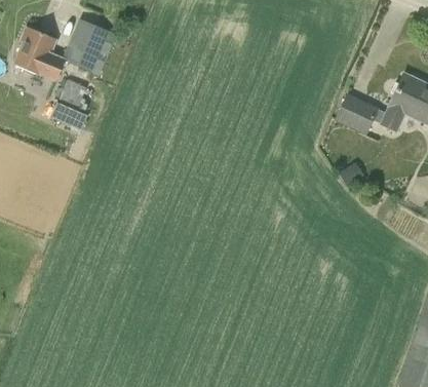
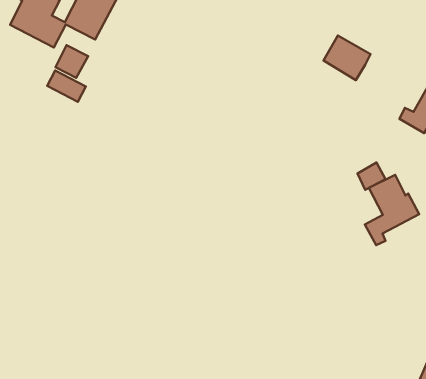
building: [338,96,380,136] -> [323,35,371,80]
building: none -> [365,175,419,245]

